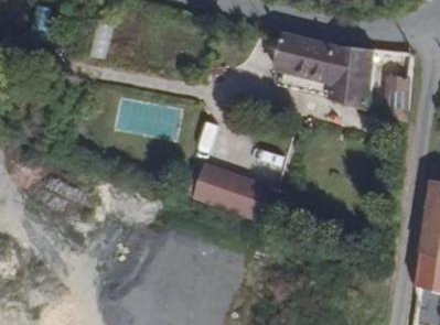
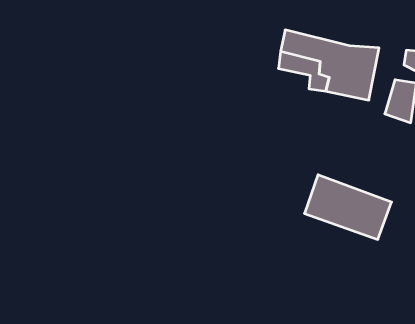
building: [194,159,279,221] -> [304,175,392,239]

